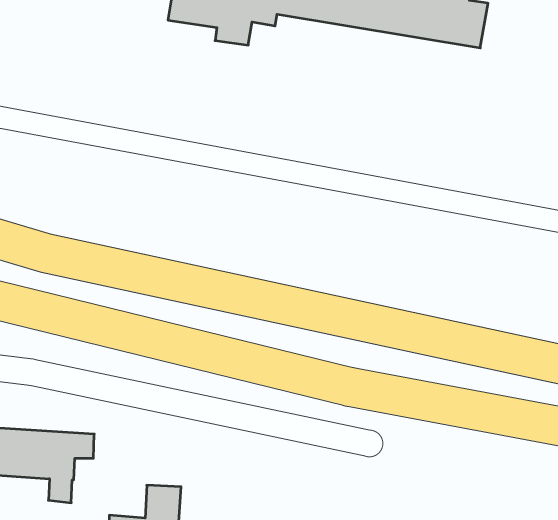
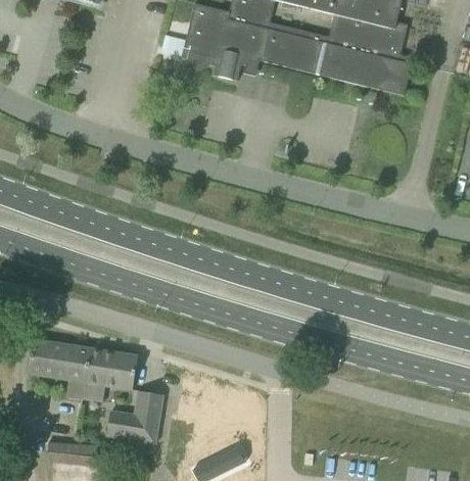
building: none -> [84,350,138,401]

